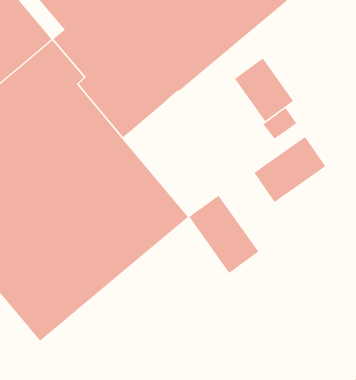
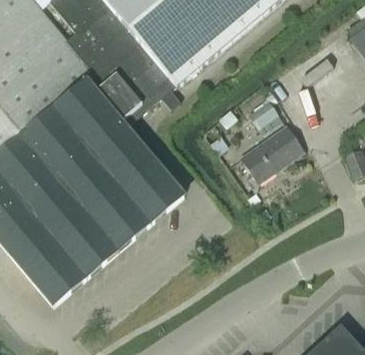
building: [234,58,294,122] -> none
building: [189,195,259,274] -> none

